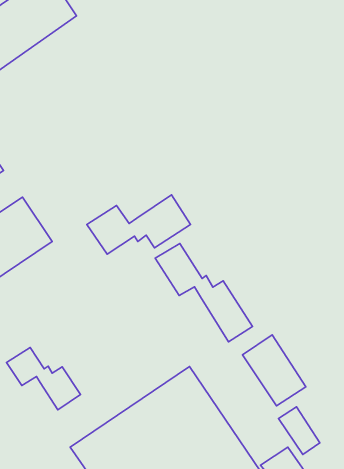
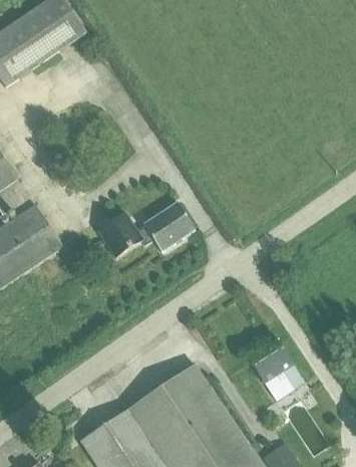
building: [155,244,252,342] -> none
building: [6,348,81,410] -> none

